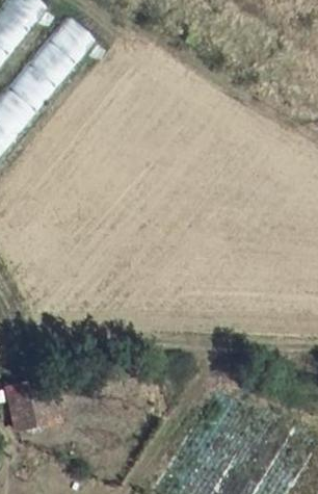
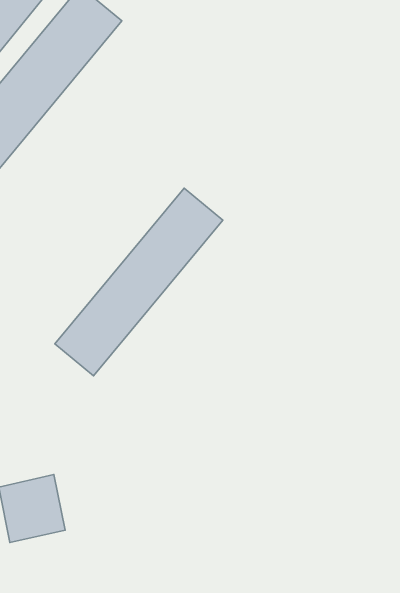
building: none -> [55,188,223,376]

